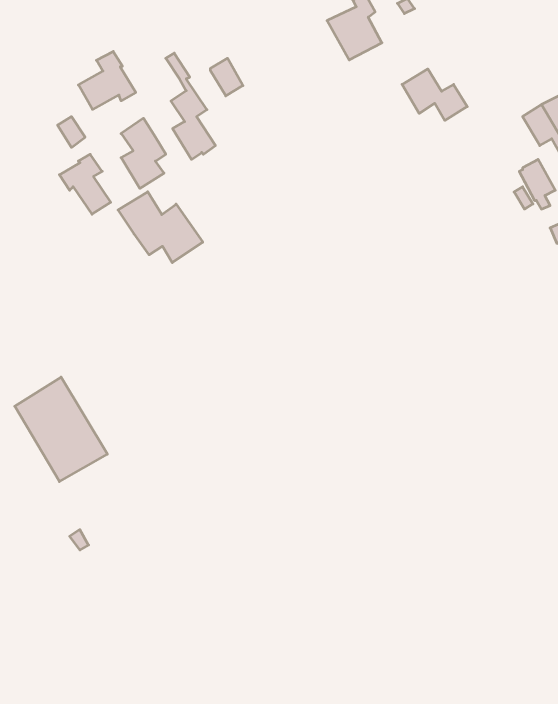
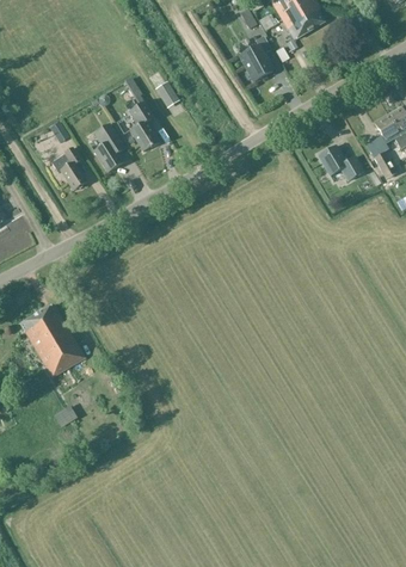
building: [78,51,136,109] -> none
building: [402,69,467,120] -> [316,144,362,180]
building: [118,192,203,263] -> none

